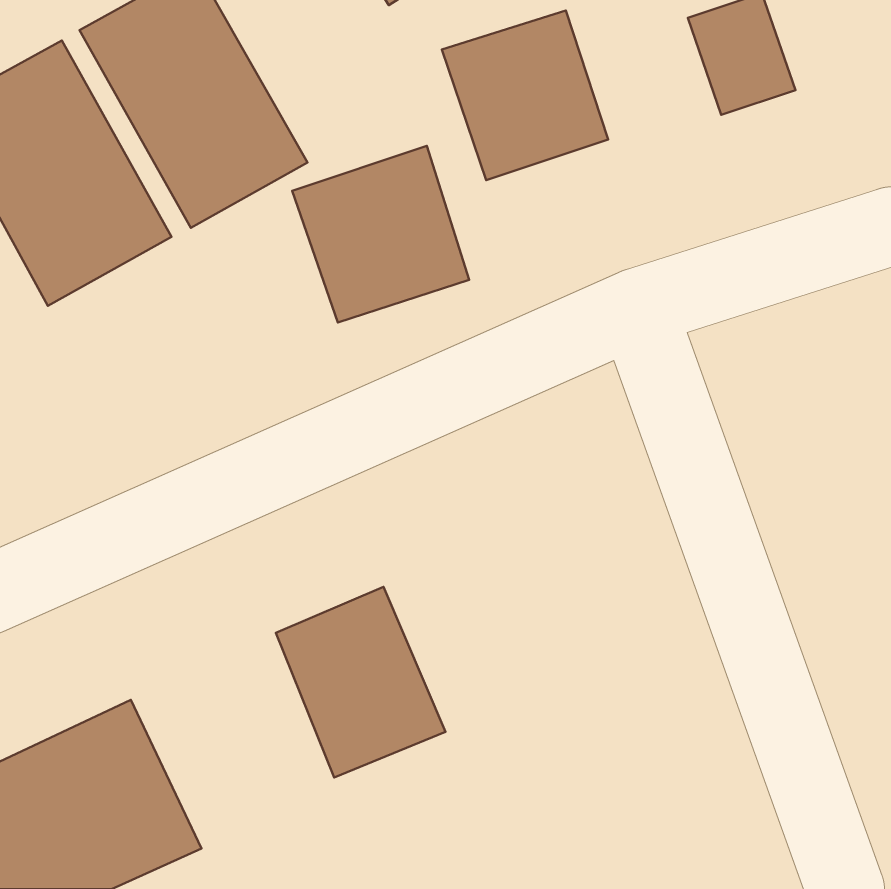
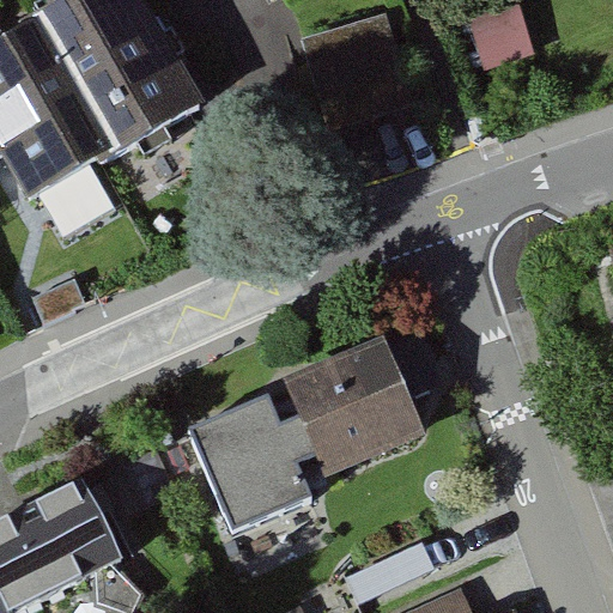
building: [292,146,469,322] -> none
building: none -> [279,341,417,474]

